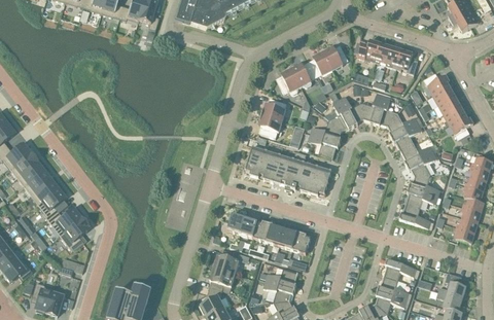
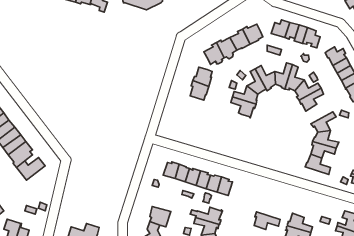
building: [400,140,433,166] -> none
building: [246,145,331,194] -> none
building: [60,217,91,250] -> none
building: [213,248,239,273] -> none
building: [384,258,416,280] -> [254,212,280,230]

